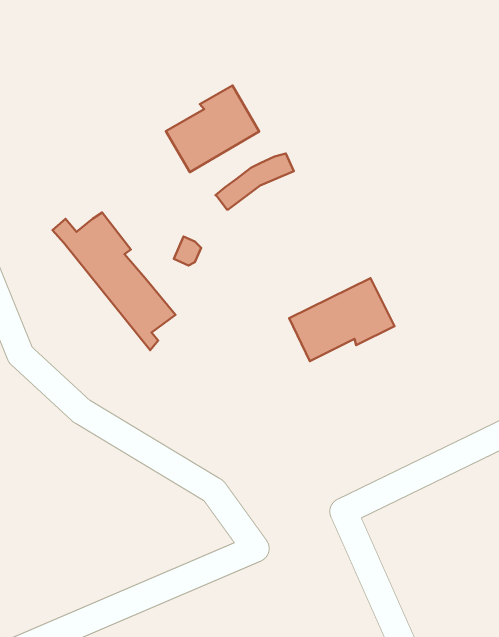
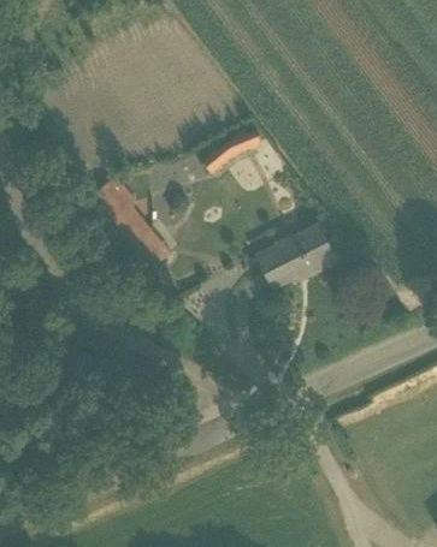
building: [166,85,259,172] -> none

